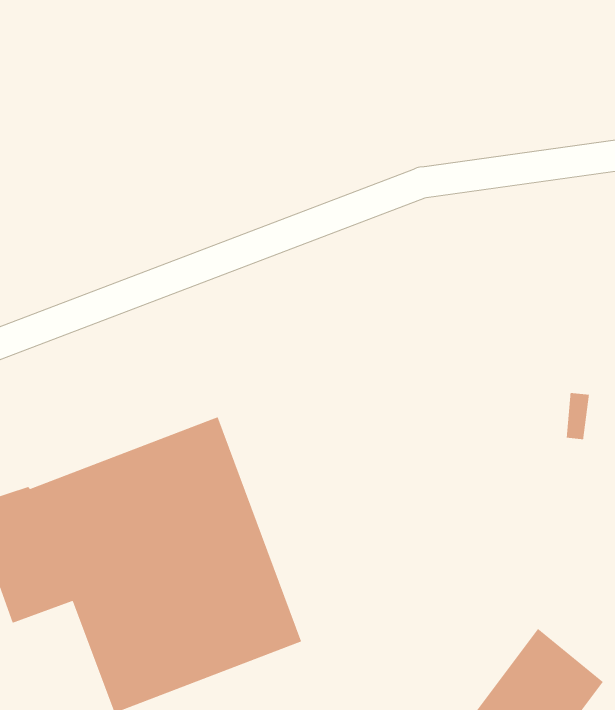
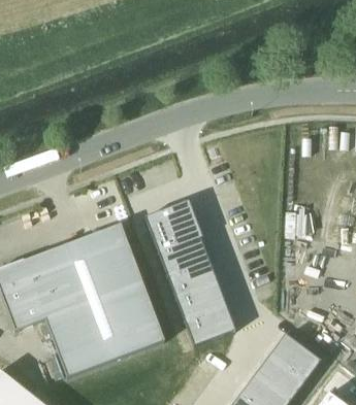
building: none -> [144,198,235,344]

